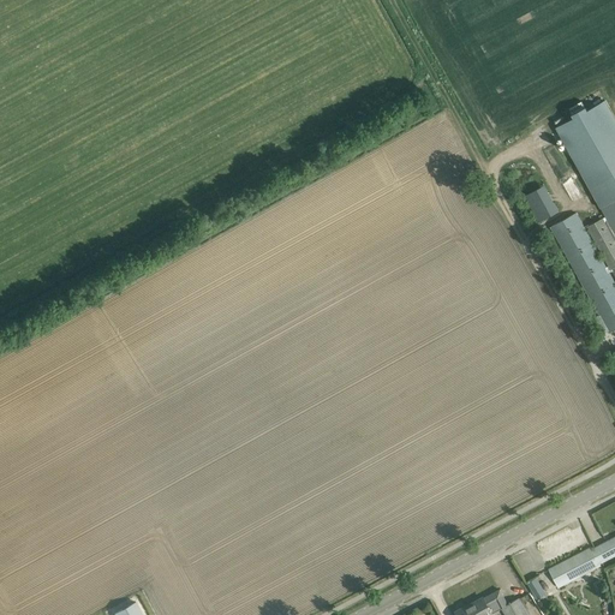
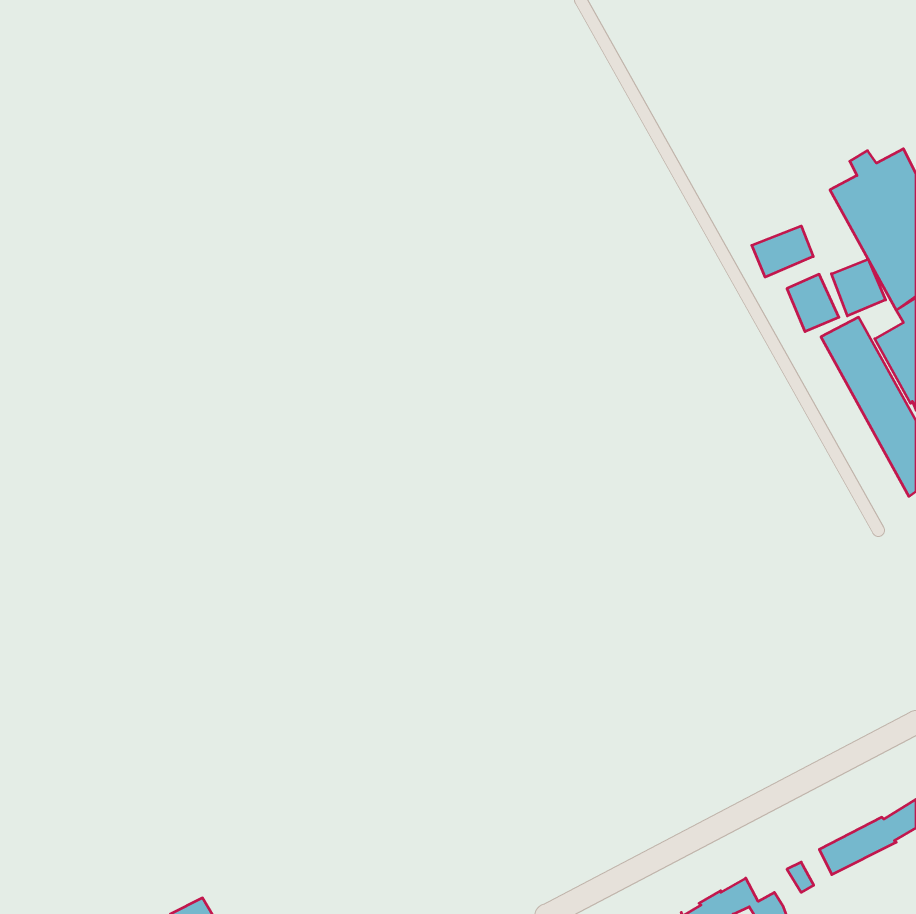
building: none -> [752,226,813,277]
building: none -> [831,259,886,316]

